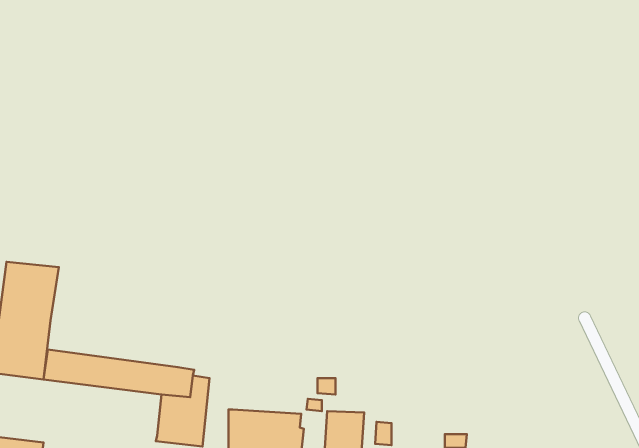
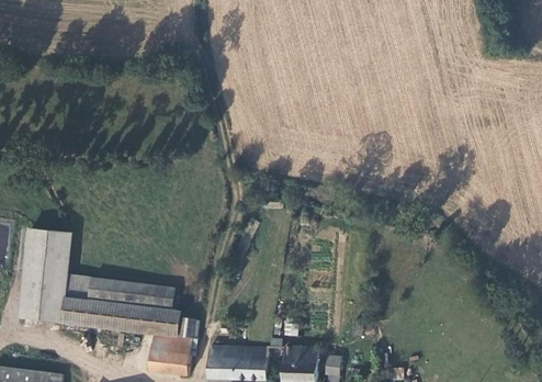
building: none -> [61,274,169,312]

